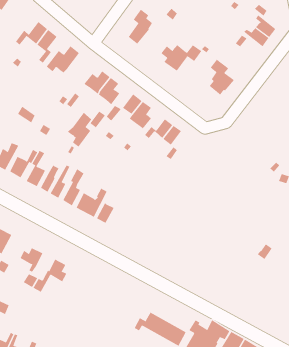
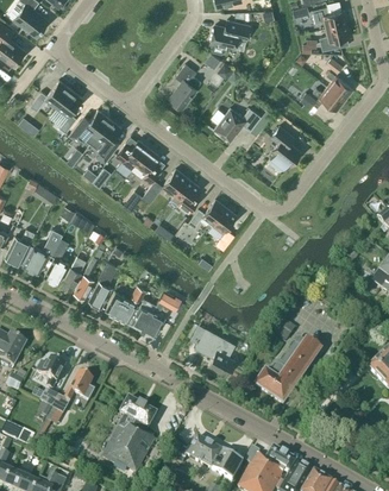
building: [67,112,92,147] -> [89,118,120,162]
building: none -> [142,291,184,335]
building: none -> [195,328,234,374]
building: none -> [255,339,320,405]
building: none -> [107,398,156,472]

